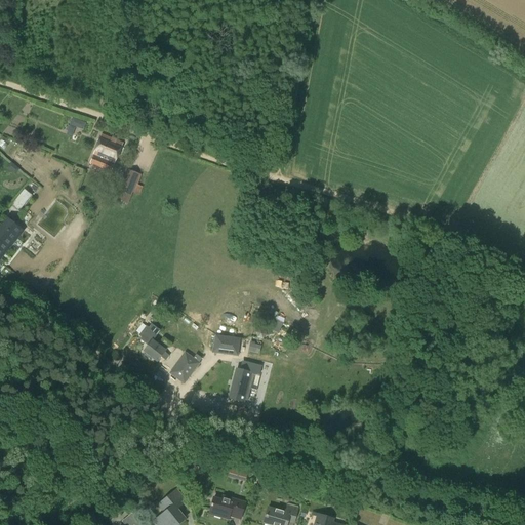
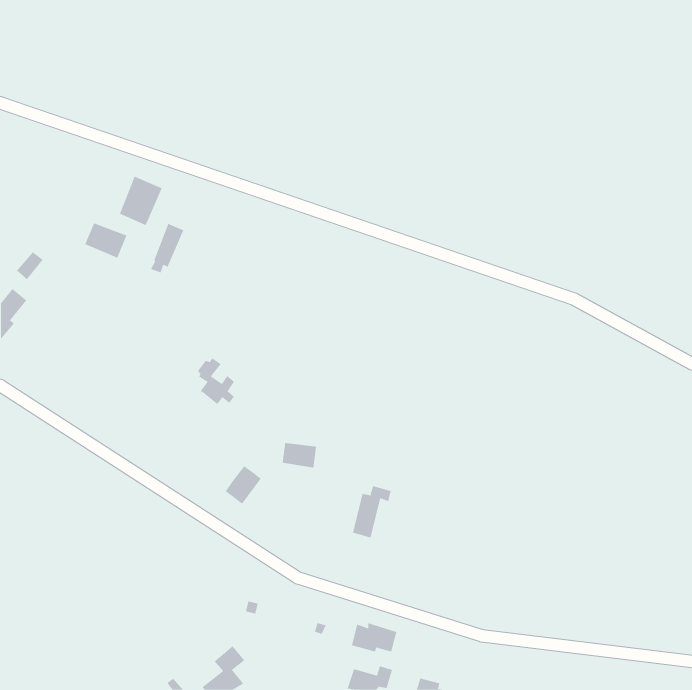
building: none -> [85,223,127,258]
building: [140,325,169,361] -> [197,357,235,405]
building: [231,363,260,403] -> [352,485,392,538]
building: [209,495,244,518] -> [351,622,397,652]

